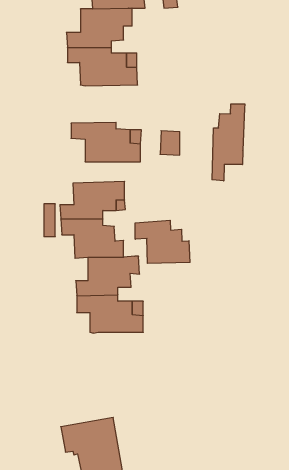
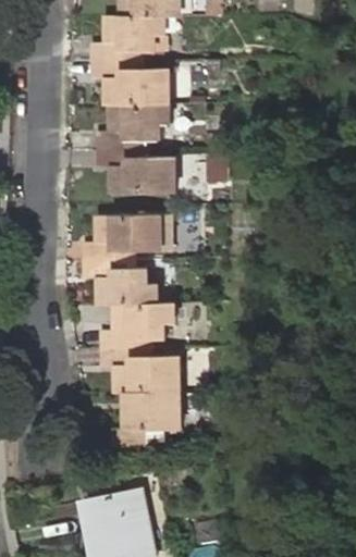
building: none -> [96,102,173,147]
building: [212,104,245,181] -> none
building: [135,220,190,263] -> none
building: none -> [111,389,181,445]

